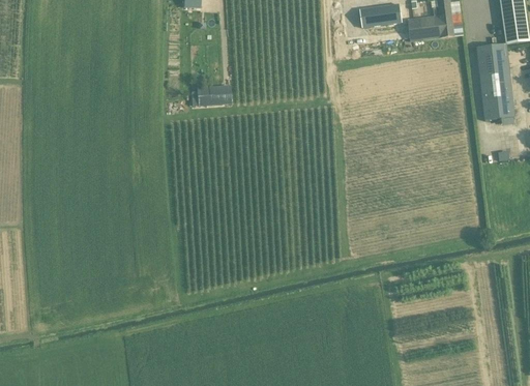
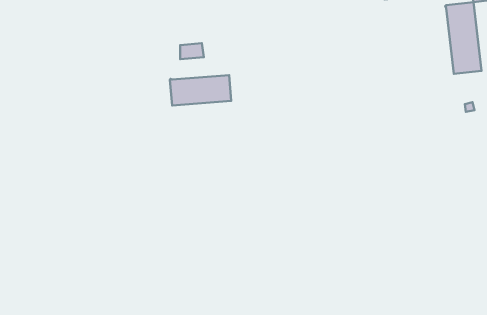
building: none -> [170,75,231,106]

